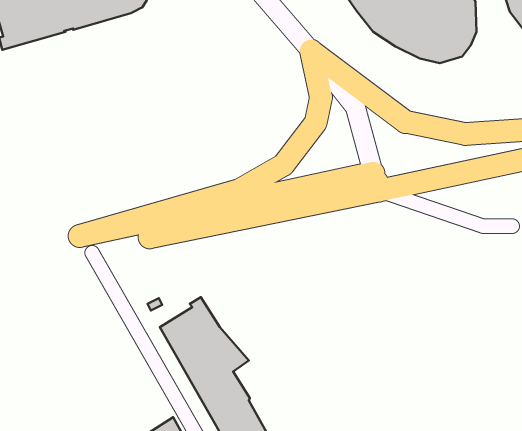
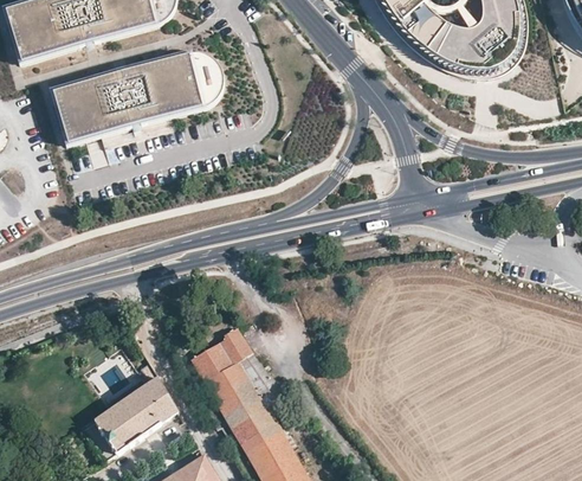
building: none -> [52,49,224,143]
building: none -> [82,377,176,461]

